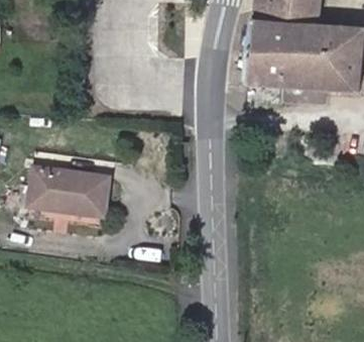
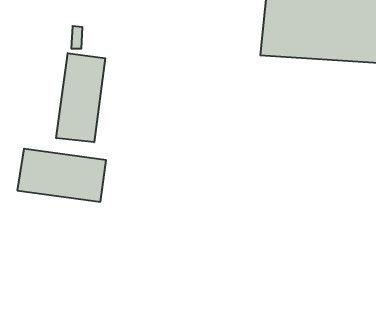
building: none -> [56,53,105,142]

